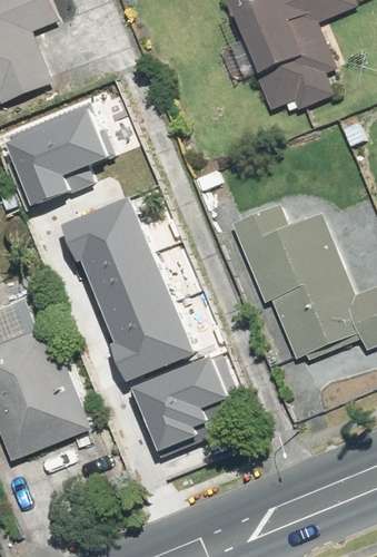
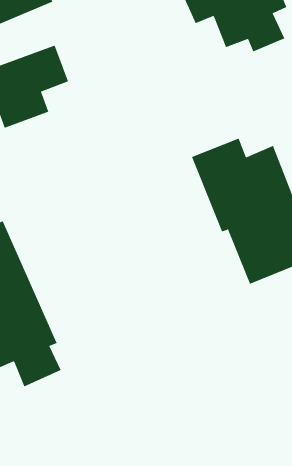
building: [62,197,183,372] -> none
building: [136,352,228,442] -> none

